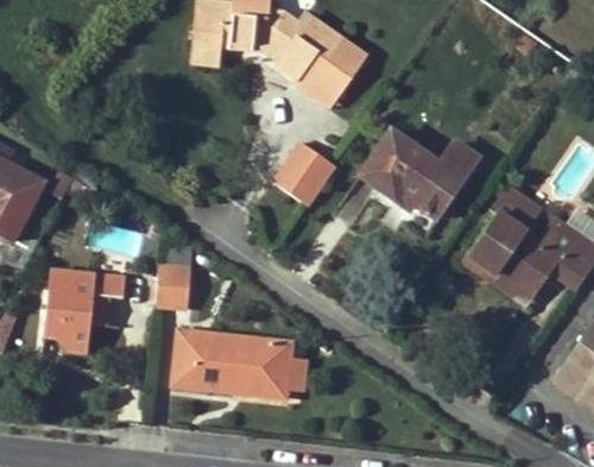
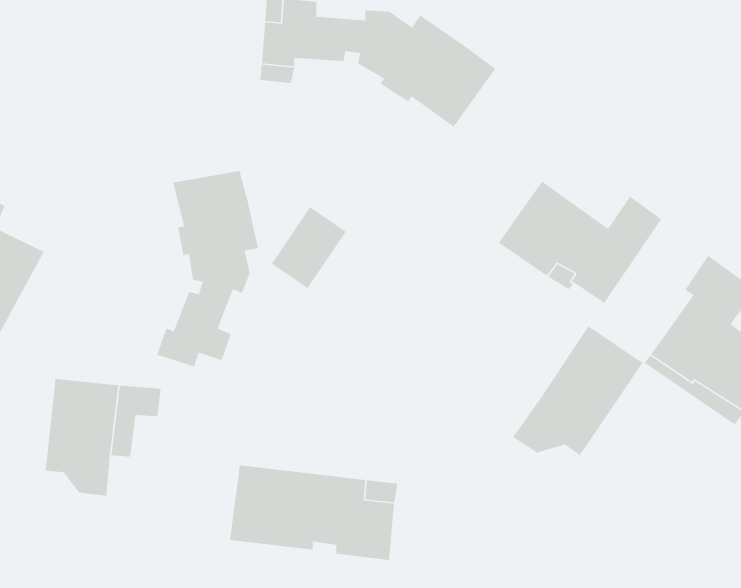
building: none -> [156,170,259,367]
building: [283,152,336,210] -> [271,206,347,289]
building: none -> [512,325,643,456]
building: [156,269,190,309] -> none

